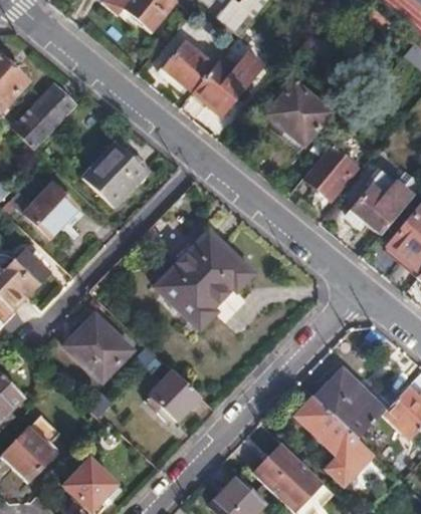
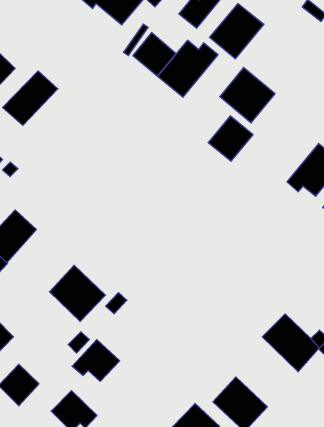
building: none -> [210,4,264,59]
building: [81,143,144,206] -> none
building: [302,145,356,198] -> [208,116,253,161]
building: [25,184,75,236] -> none
building: [155,231,251,328] -> none
building: [144,370,200,420] -> [72,340,120,381]
building: [298,398,371,480] -> none

